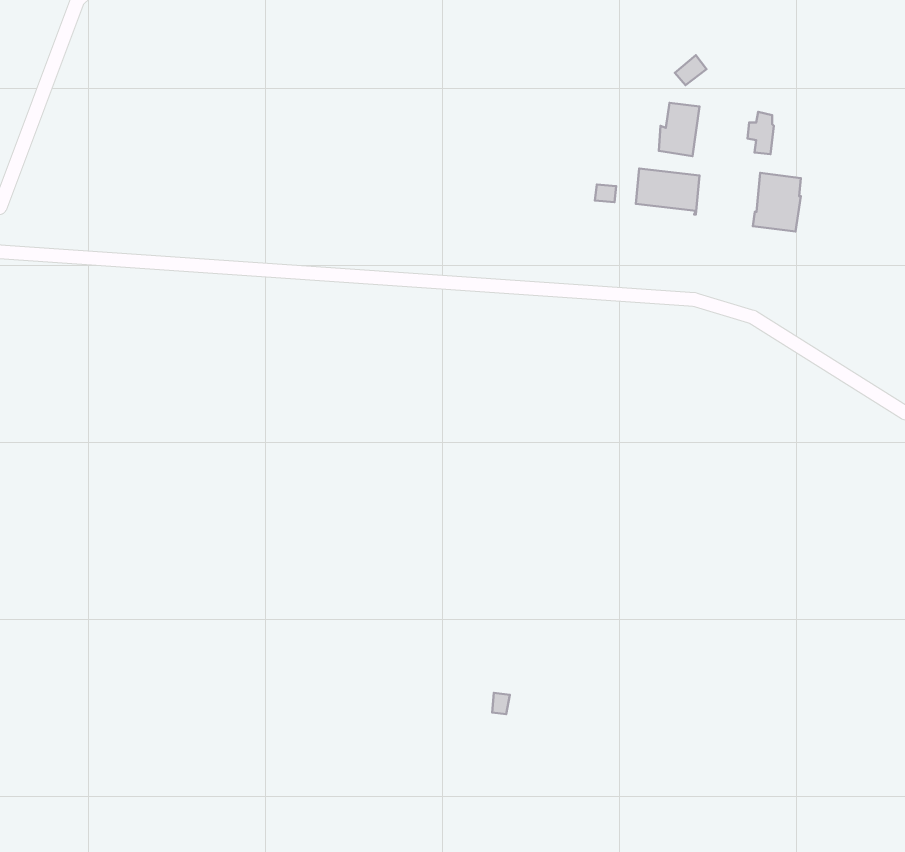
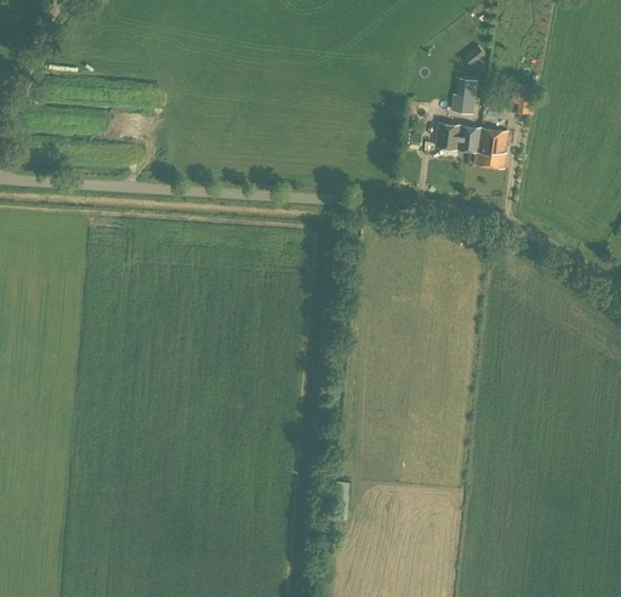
building: [753,173,801,231] -> [474,127,507,167]

